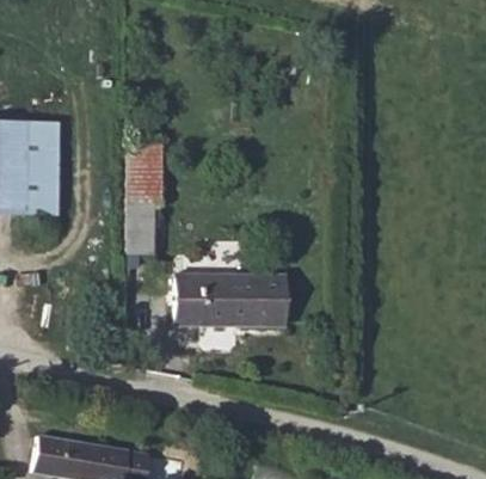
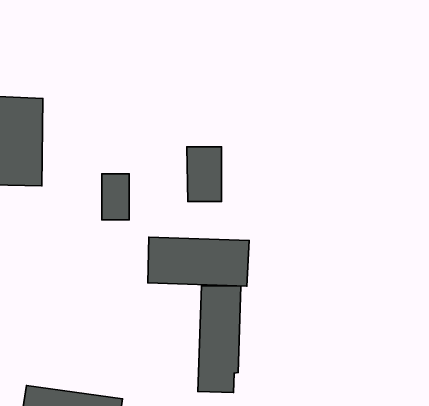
building: [123,145,161,204] -> [187,147,222,201]
building: none -> [198,286,241,392]

